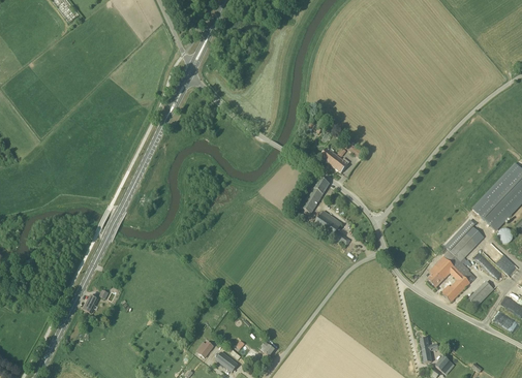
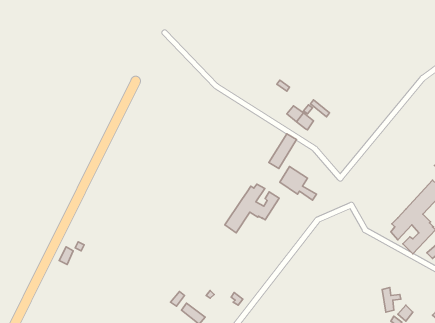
building: none -> [225,184,279,233]

